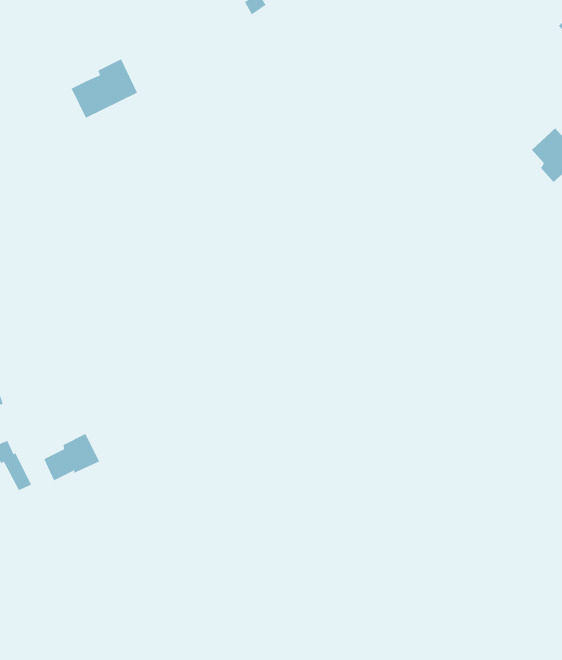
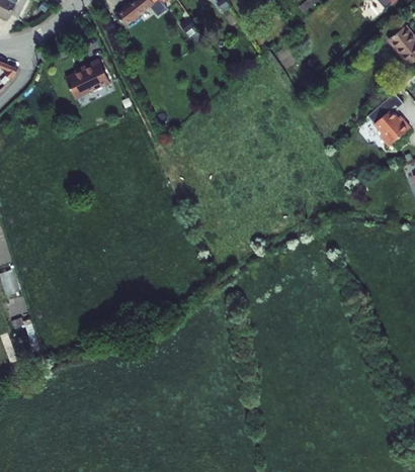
building: [43,433,100,481] -> none

